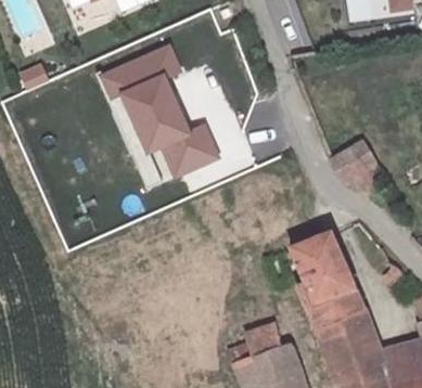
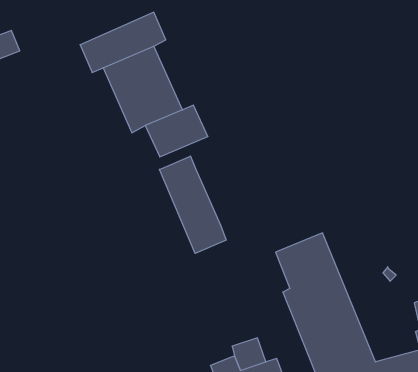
building: [337,143,388,189] -> none
building: none -> [159,156,226,253]

